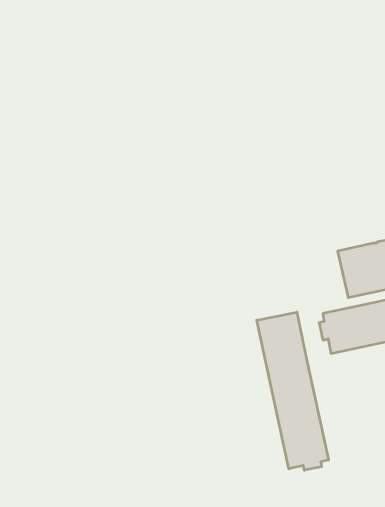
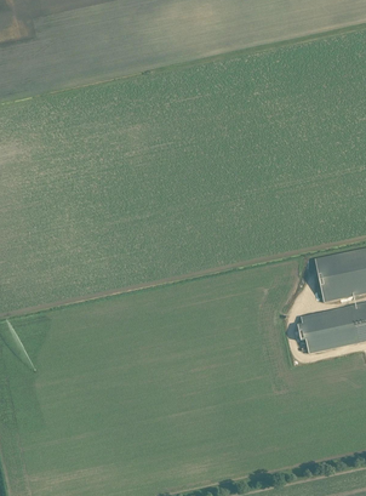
building: [257,312,329,470] -> none

